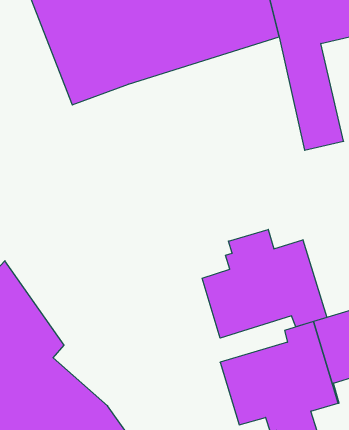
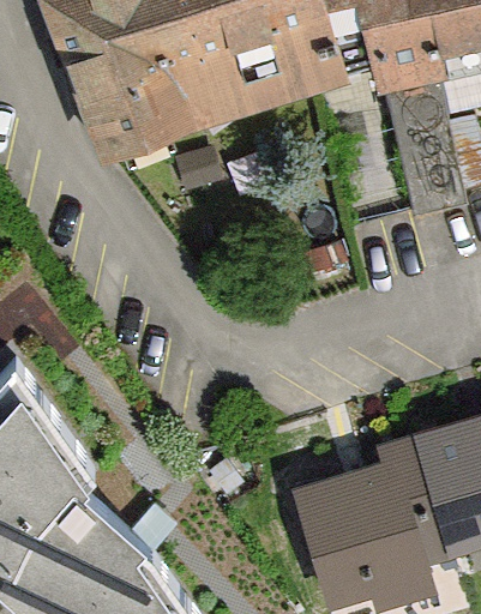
building: [202,229,327,338] -> none

